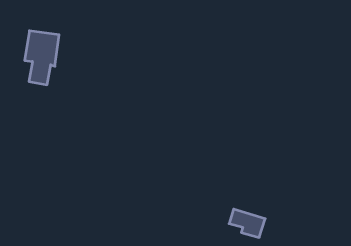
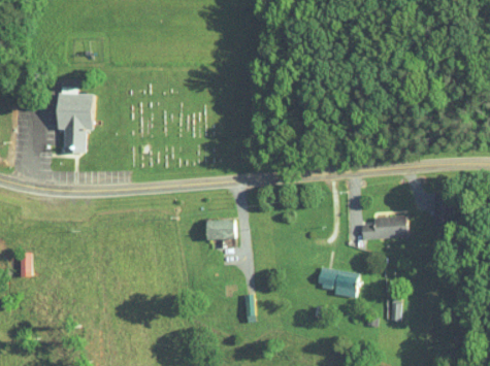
building: none -> [205,219,237,239]
building: none -> [362,215,406,238]

